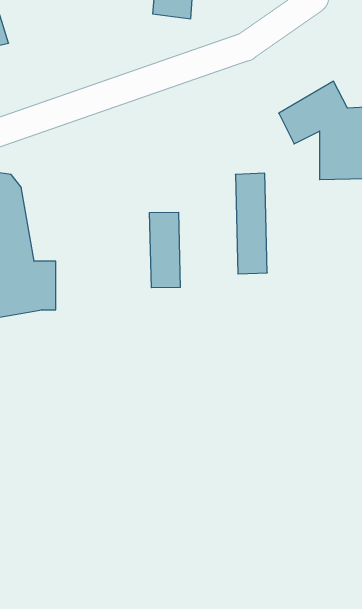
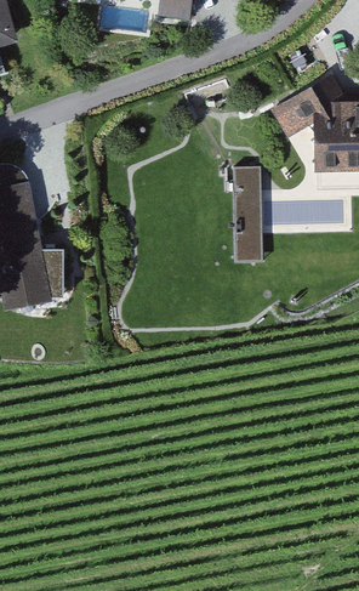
building: [149,212,180,288] -> none

